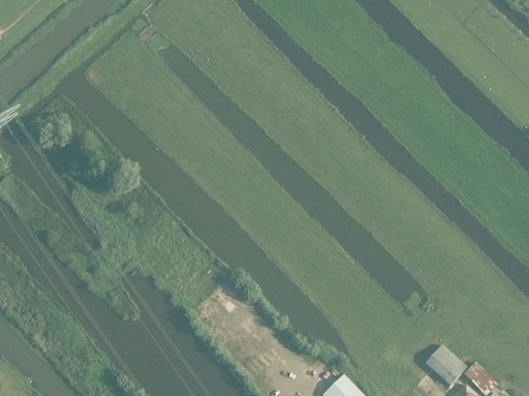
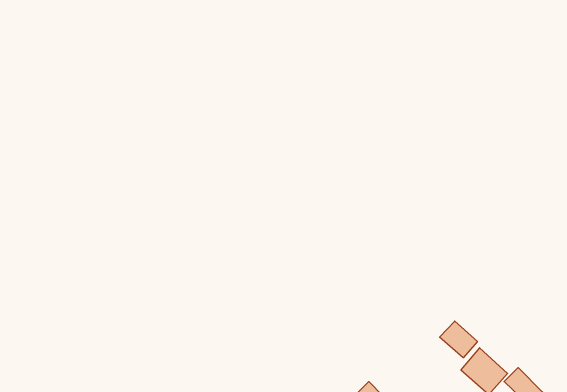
building: none -> [440,321,477,358]

